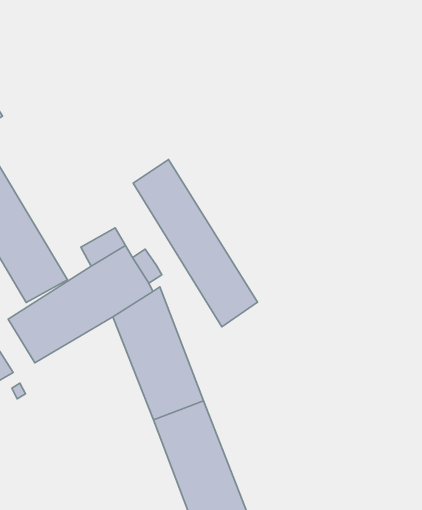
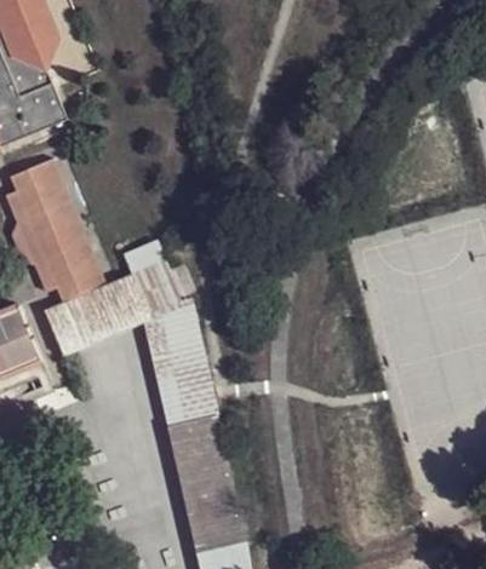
building: [133,160,257,327] -> none

